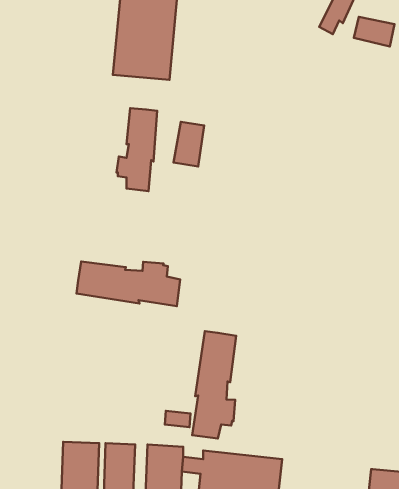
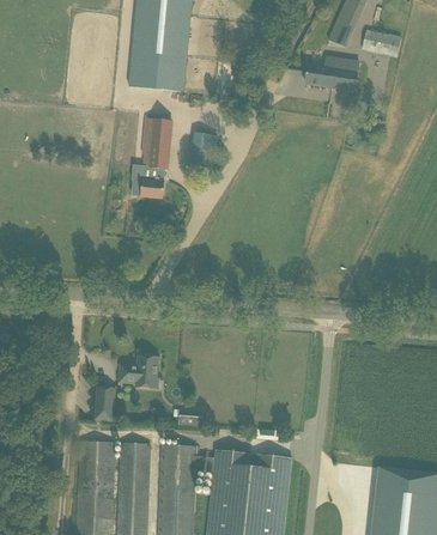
building: none -> [304,57,358,92]
building: [76,261,180,306] -> none
building: [192,331,236,439] -> none
building: none -> [119,354,159,388]
building: none -> [93,388,114,420]

